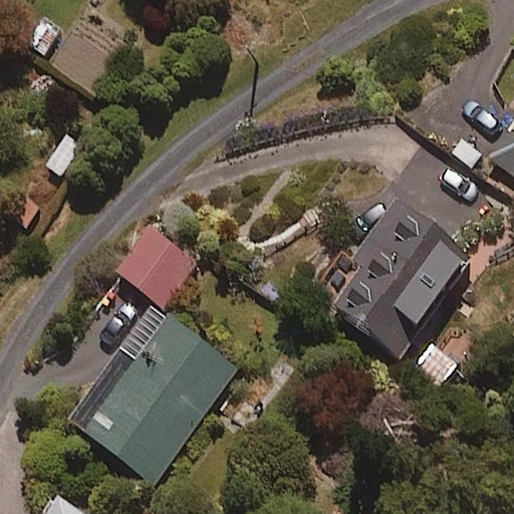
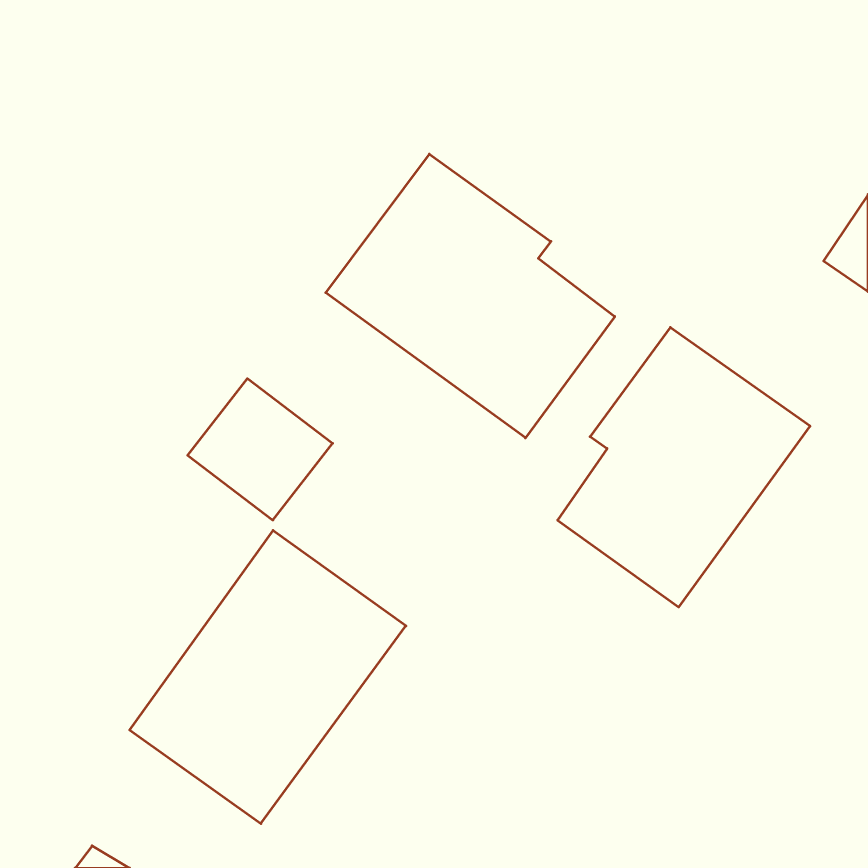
building: none -> [326,154,615,438]

